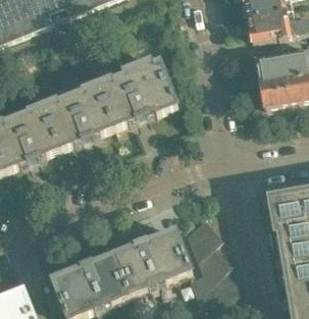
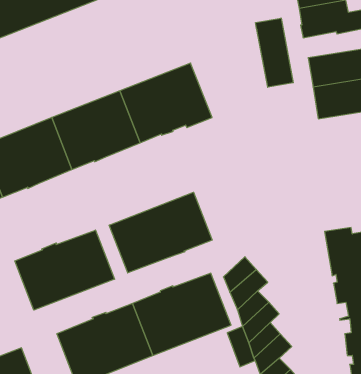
building: none -> [256,18,293,87]
building: none -> [109,192,212,273]
building: none -> [15,230,115,310]

